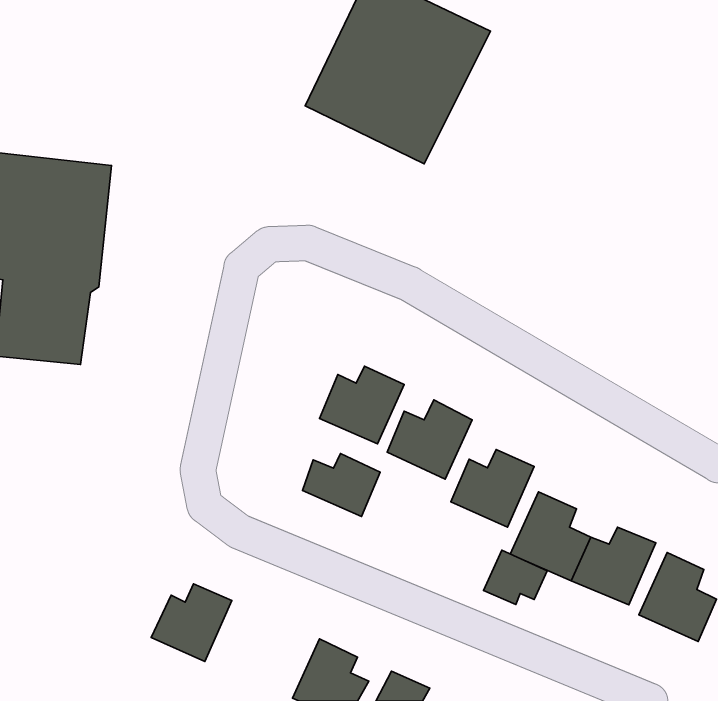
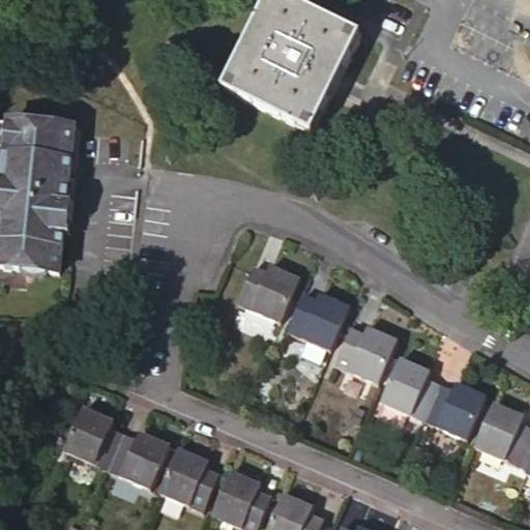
building: [302,453,380,516] -> none
building: [483,550,547,604] -> none
building: none -> [70,405,125,467]
building: none -> [161,445,216,506]

